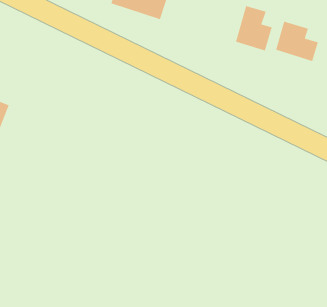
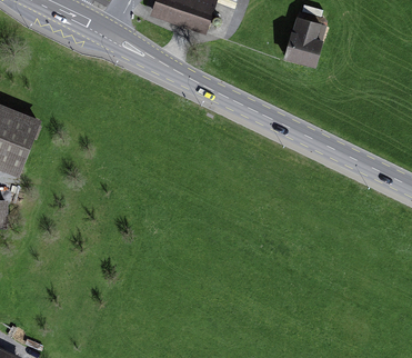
building: [276,21,319,62] -> none

